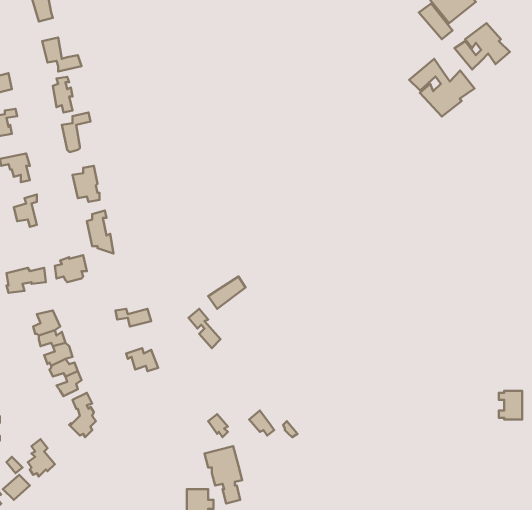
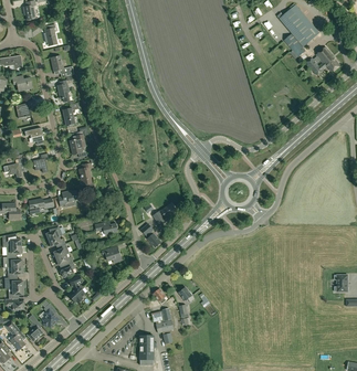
building: [409,59,475,117] -> none

